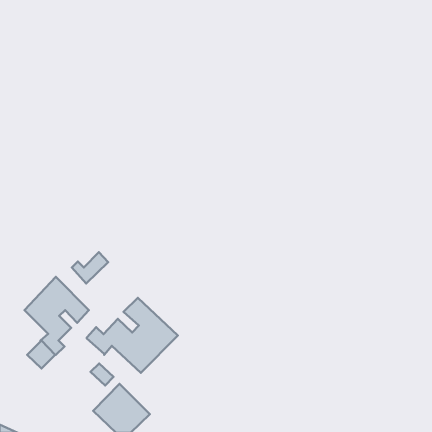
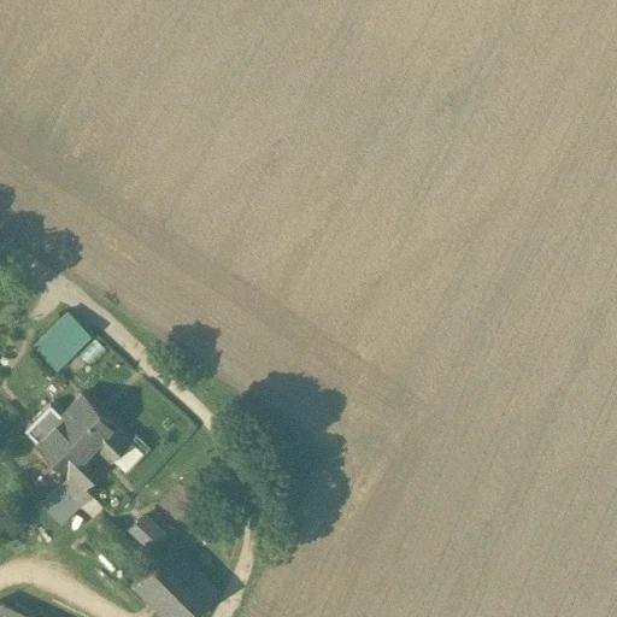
building: [72,252,108,284] -> [35,323,87,368]
building: [87,298,178,373] -> none

